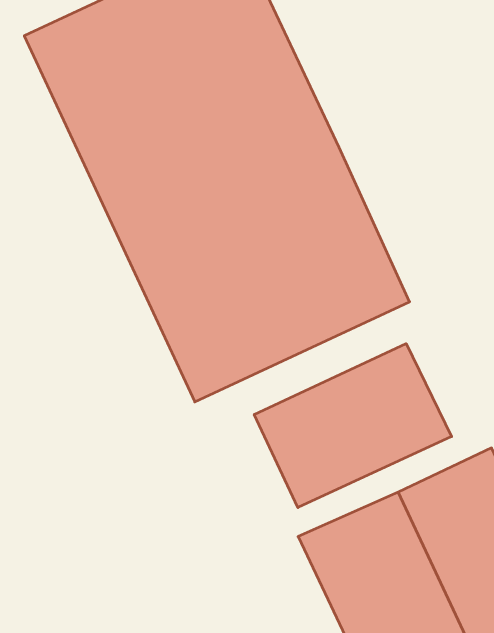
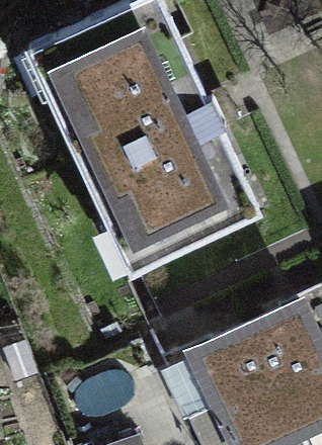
building: [254,344,452,508] -> none

